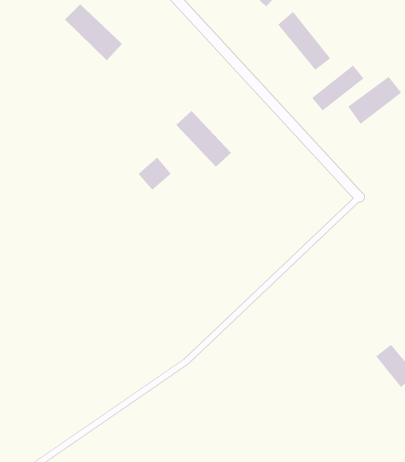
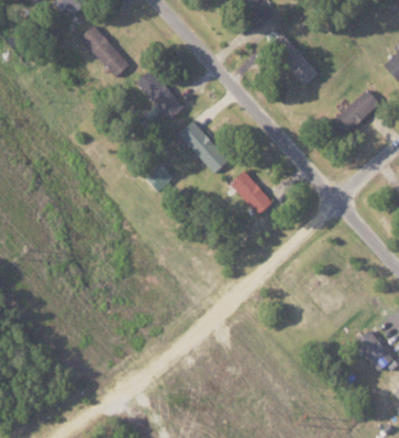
building: none -> [135,69,185,120]
building: [311,64,364,112] -> none
building: none -> [232,173,274,215]

